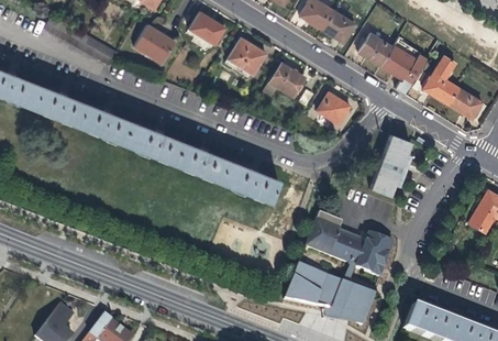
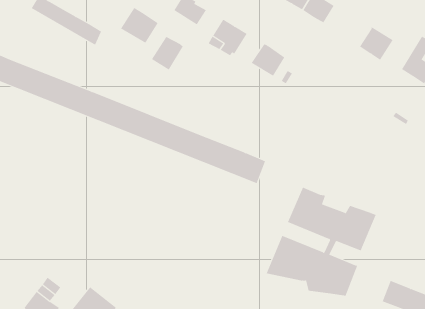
building: [357,33,391,66] -> none
building: none -> [151,36,184,71]
building: [317,92,350,124] -> none
building: [374,135,416,199] -> none

